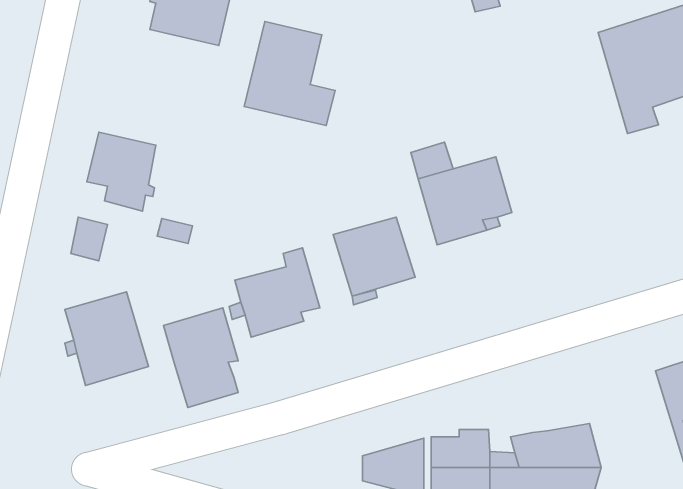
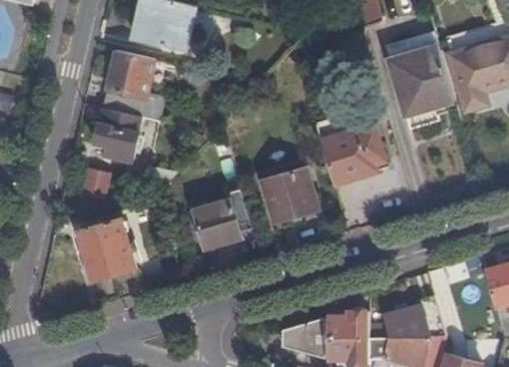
building: [244,21,335,126] -> [102,51,164,122]
building: none -> [387,45,452,128]
building: [163,308,238,407] -> none

